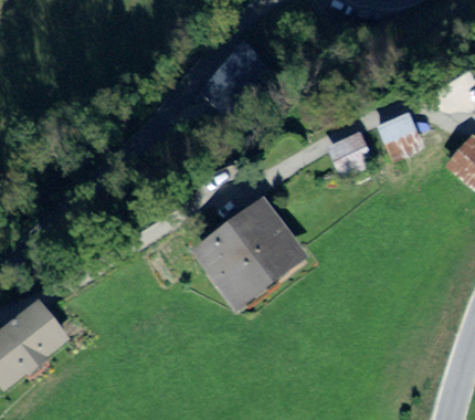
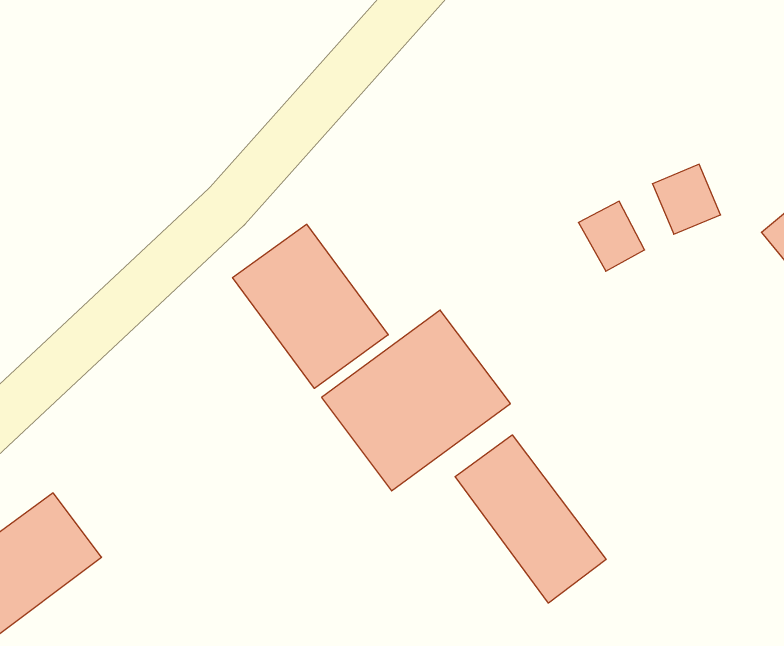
building: none -> [233,224,388,388]
building: none -> [455,435,606,603]

